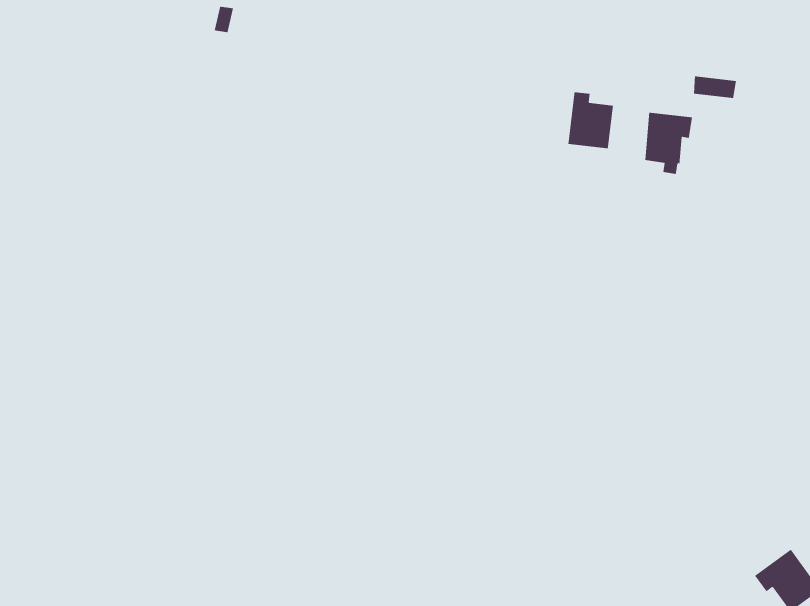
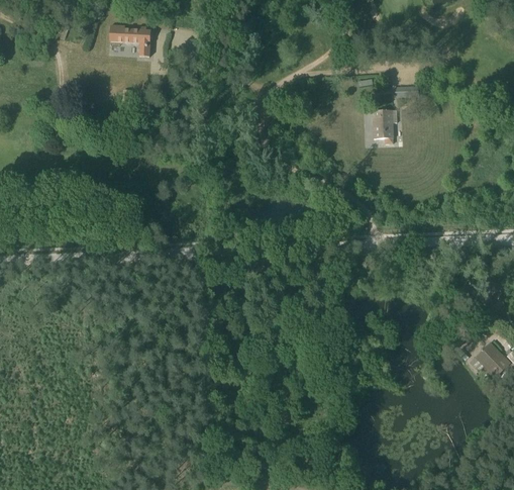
building: [568,91,613,149] -> none

